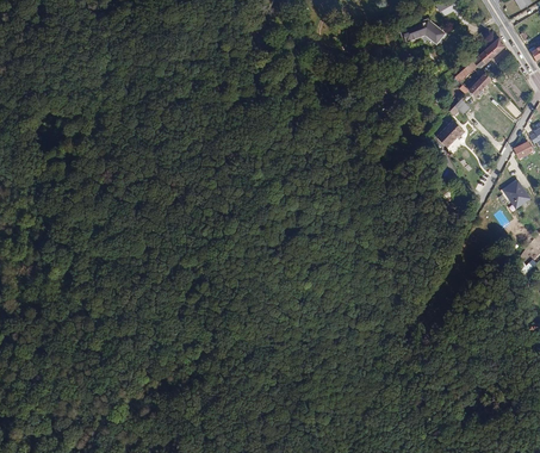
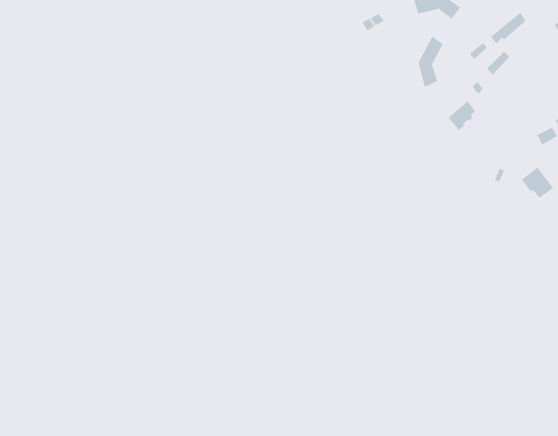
building: none -> [418,35,444,88]

